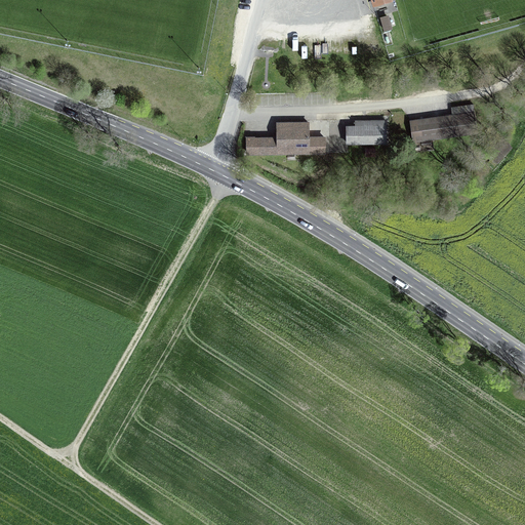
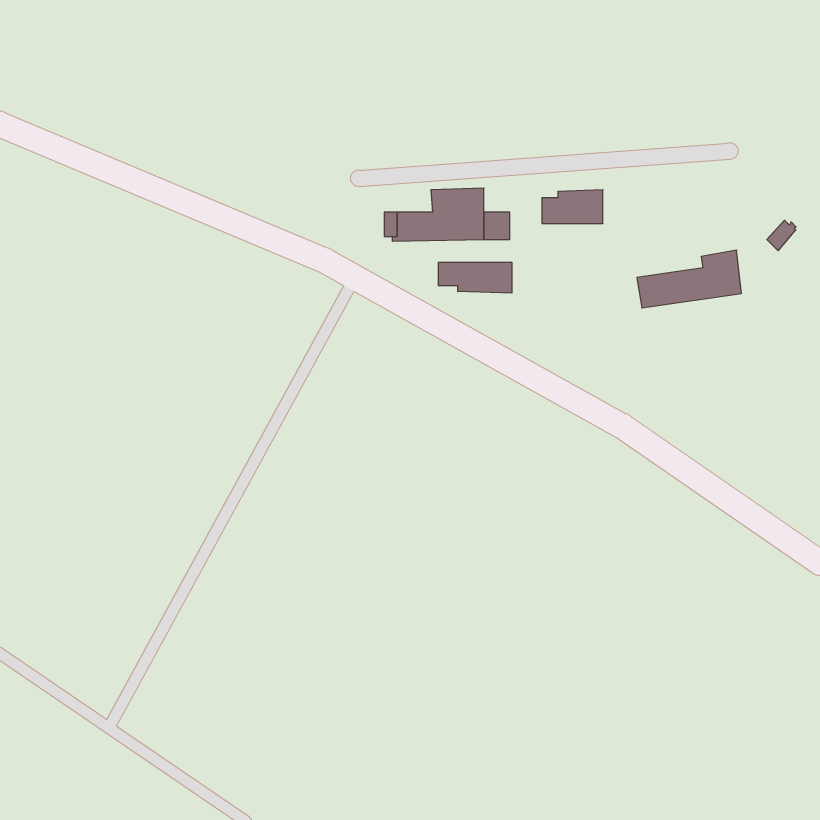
building: [409,105,476,142] -> [637,250,741,308]
building: none -> [439,262,512,293]

